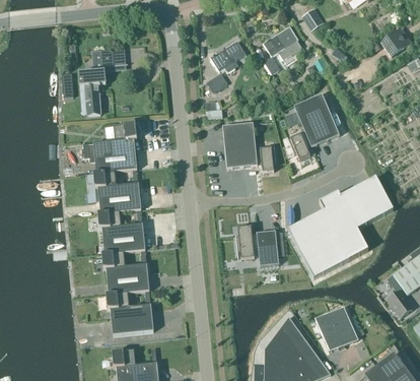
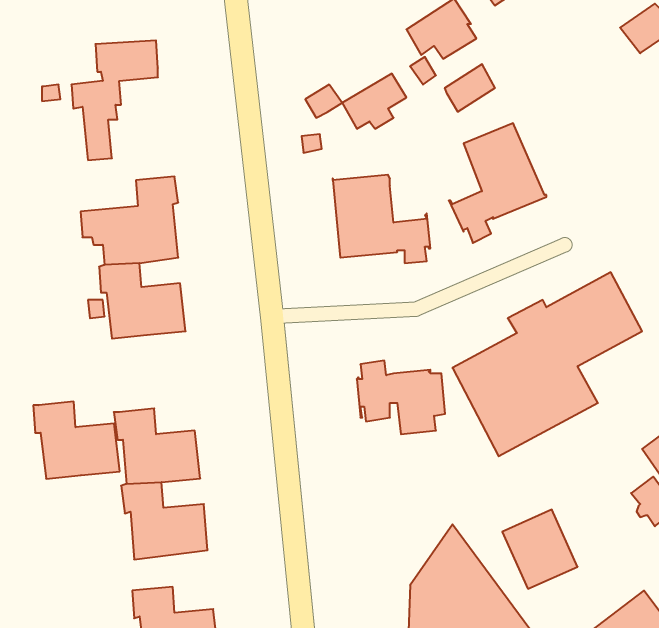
building: [210,40,246,70] -> [342,74,406,129]
building: none -> [445,64,495,112]
building: [97,210,145,253] -> [33,402,120,479]

